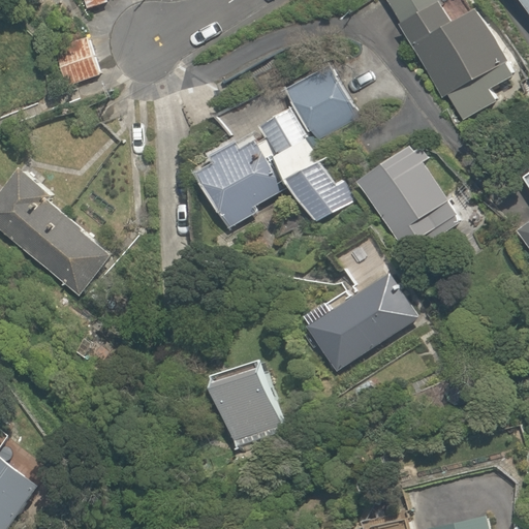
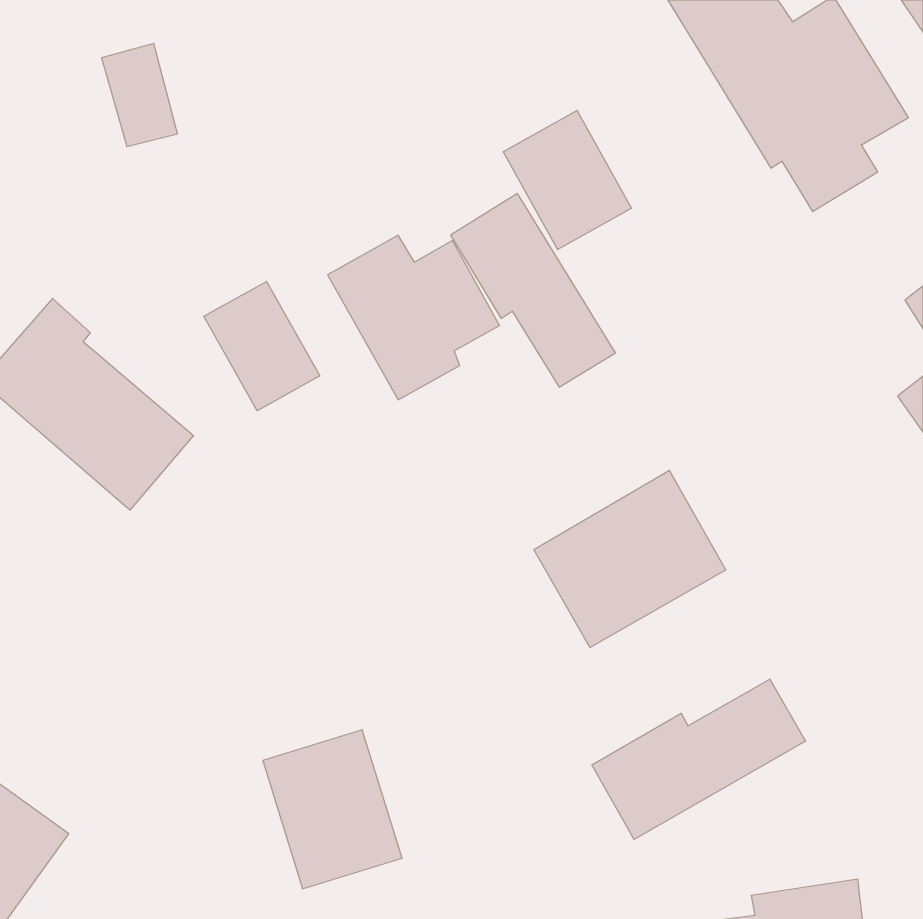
building: [355,144,455,251] -> none
building: none -> [204,281,320,411]
building: [206,352,285,443] -> [263,730,402,889]
building: none -> [592,679,806,840]

